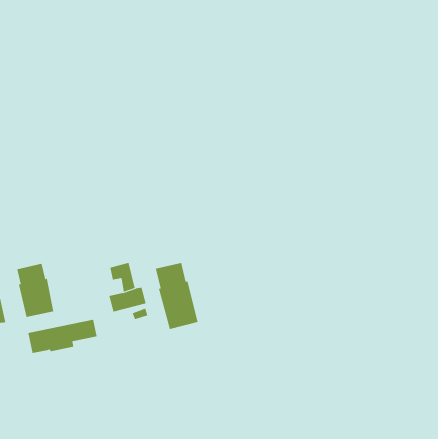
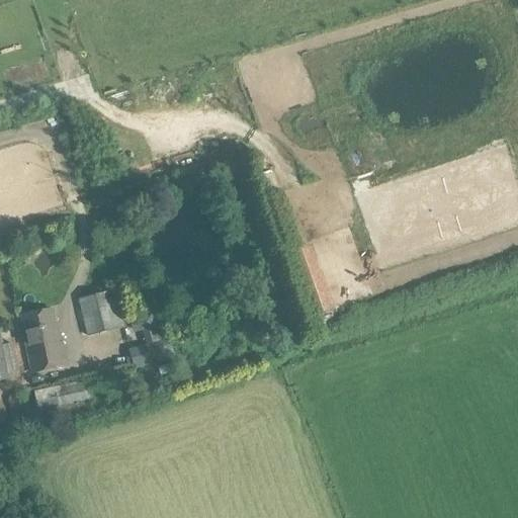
building: none -> [77,288,126,334]
building: [155,262,198,330] -> none

